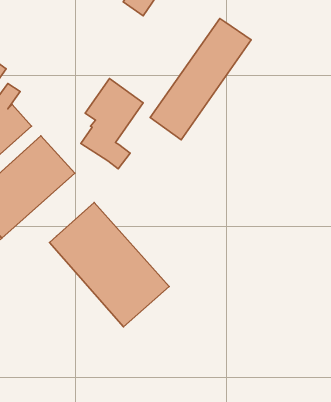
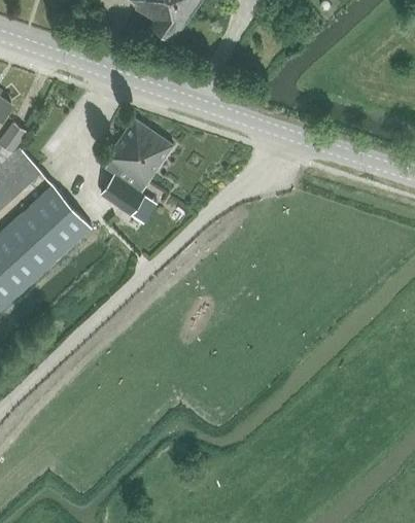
building: [150,18,251,140] -> none
building: [49,202,169,327] -> none

